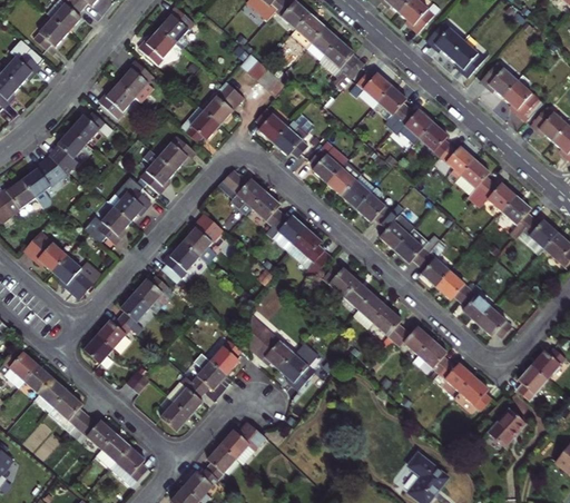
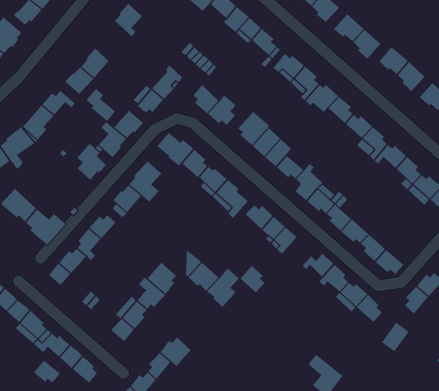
building: [142,34,179,70] -> none
building: none -> [86,88,116,122]
building: [88,214,135,250] -> none
building: [371,296,402,331] -> [239,265,265,293]
building: none -> [33,360,61,383]

